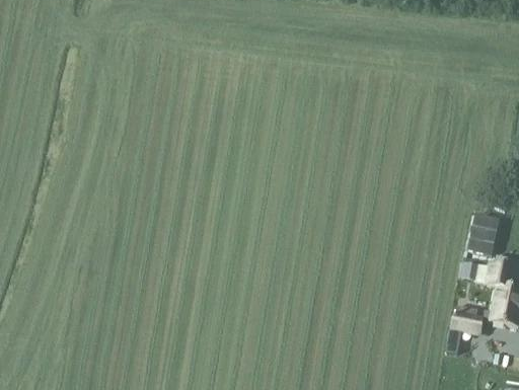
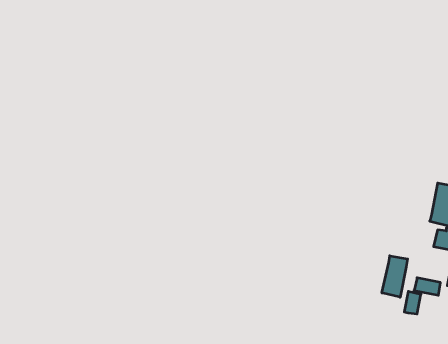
building: none -> [382,256,408,297]

